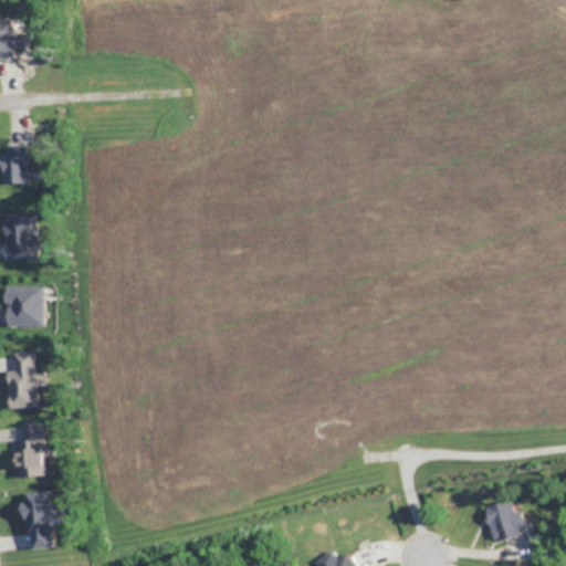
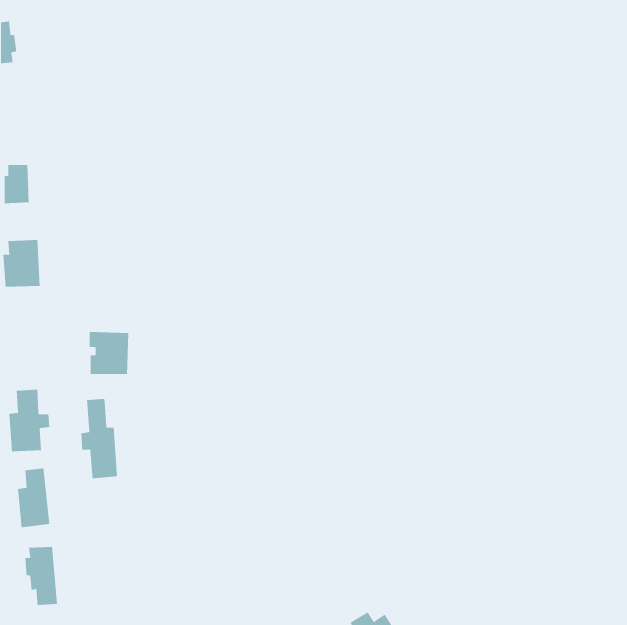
building: [7,287,43,326] -> [89,332,129,375]
building: none -> [81,398,117,479]
building: [486,501,526,541] -> none

